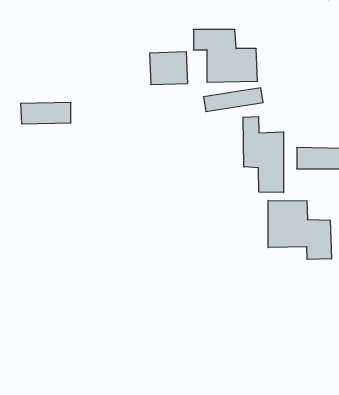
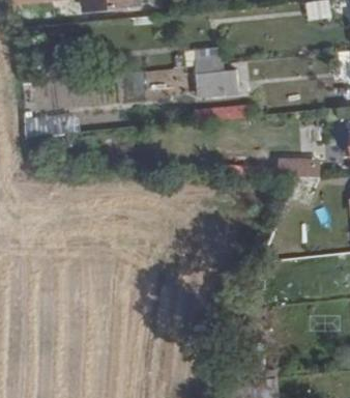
building: [243,117,284,193] -> none
building: [268,200,331,259] -> none

